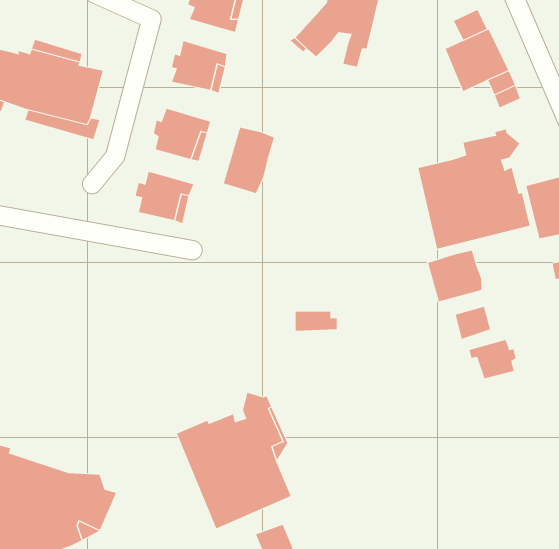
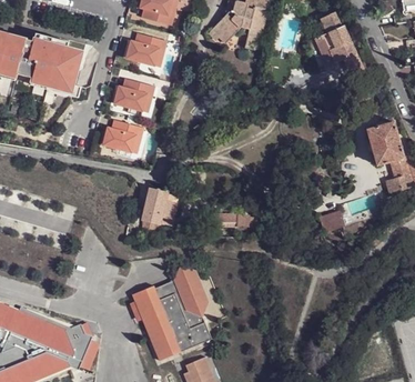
building: [223,127,274,194] -> none
building: [418,129,530,250] -> none
building: [427,250,482,302] -> none
building: none -> [141,189,178,231]
building: [469,339,516,379] -> none

